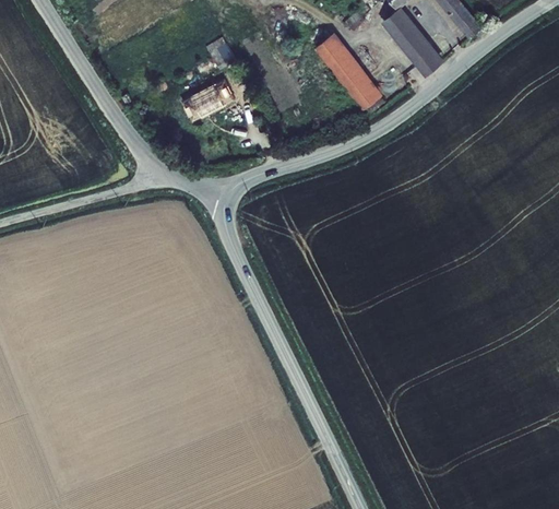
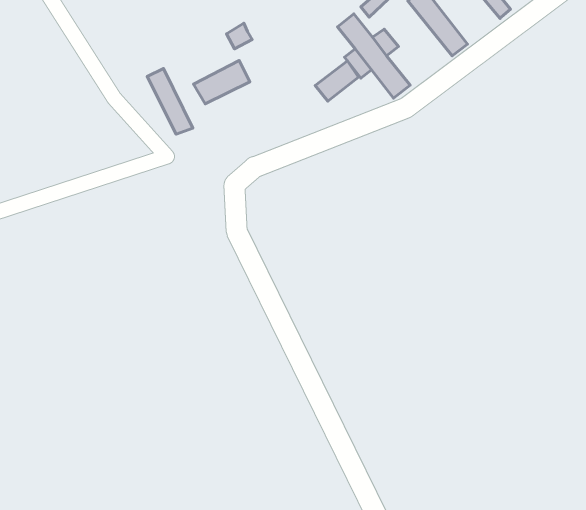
building: none -> [315,61,359,101]
building: none -> [147,68,193,134]

